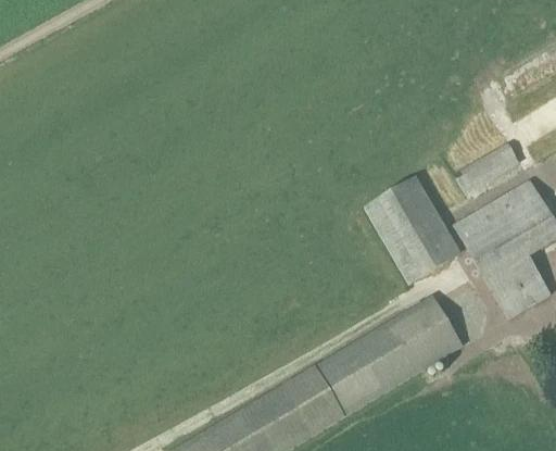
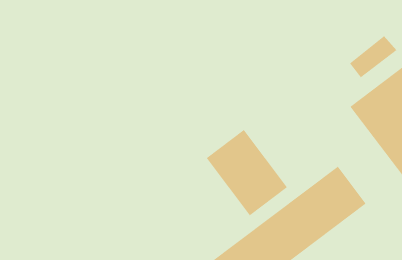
building: [364,176,460,284] -> [206,129,288,216]

